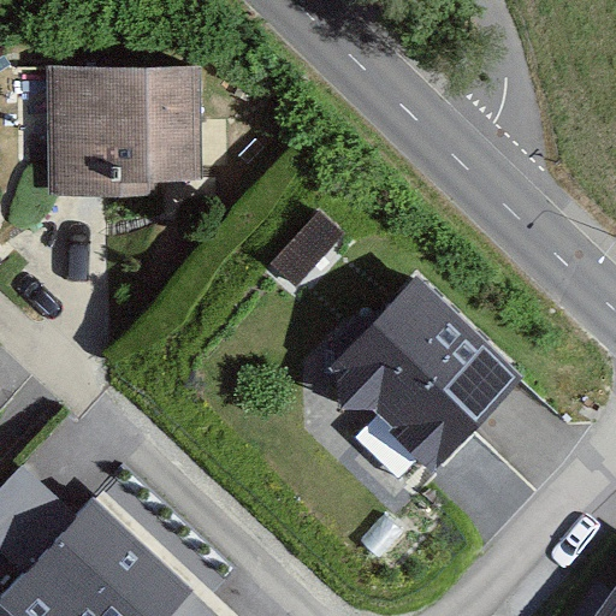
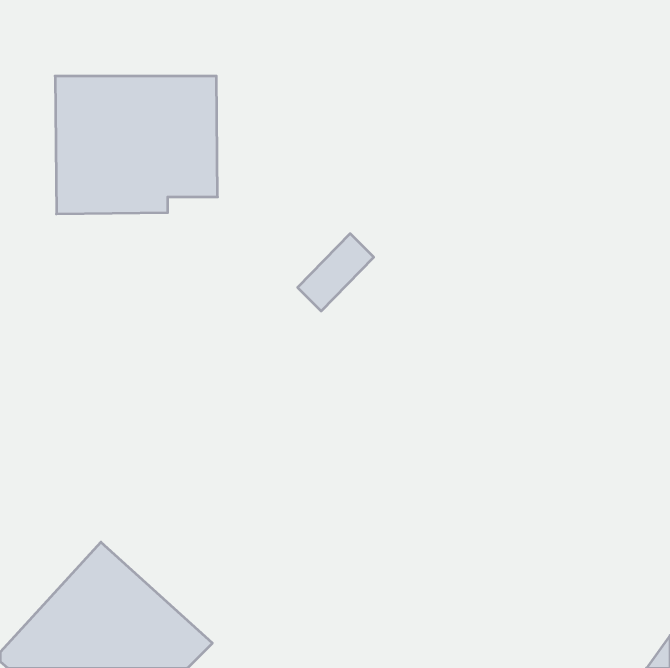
building: [325,279,521,474] -> none

